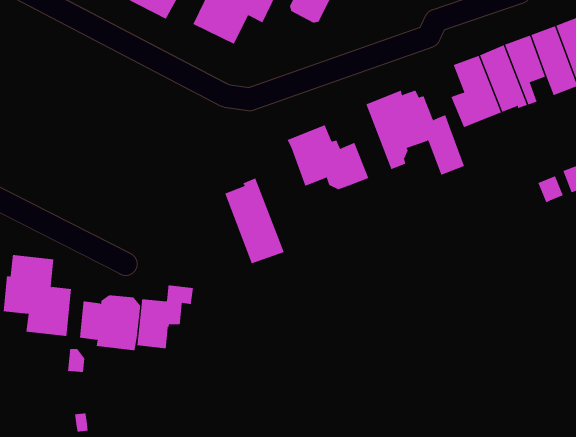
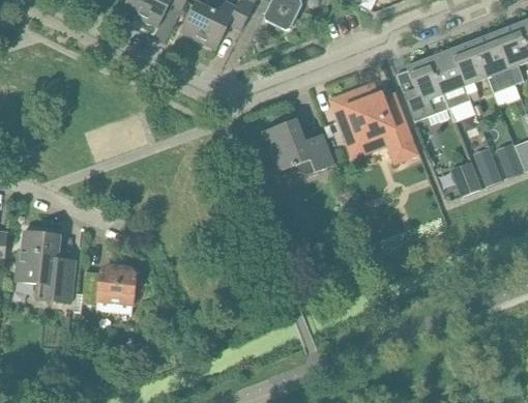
building: [224,177,285,264] -> none
building: none -> [450,164,479,198]
building: [137,284,193,349] -> none

